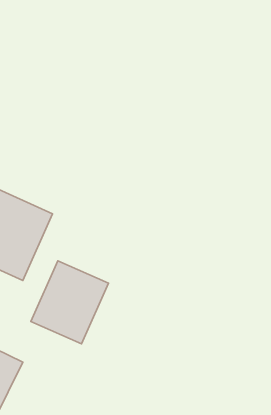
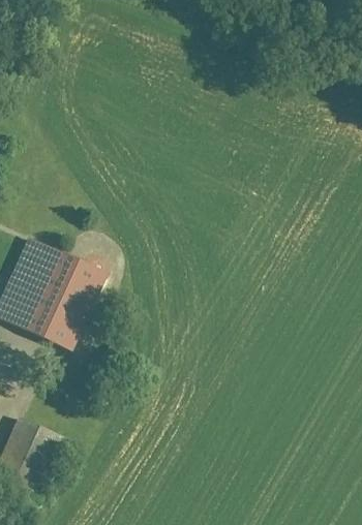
building: [31,261,109,344] -> none

